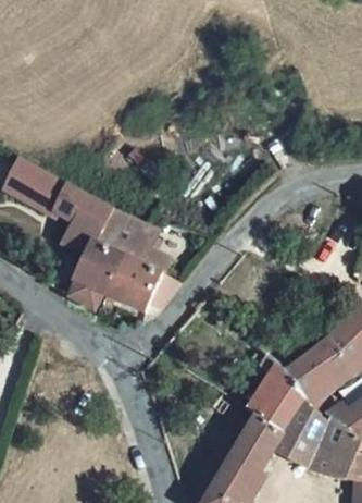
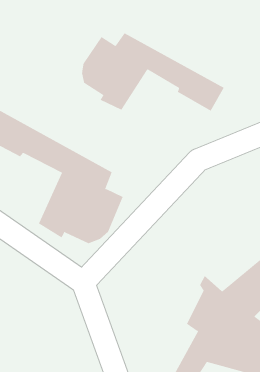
building: none -> [82,33,225,111]

